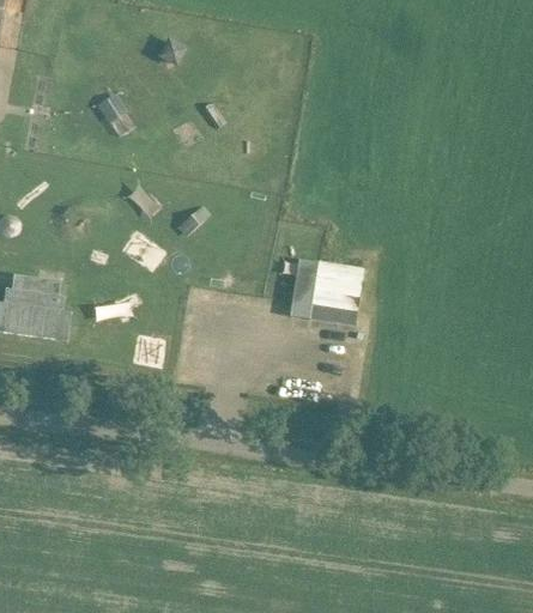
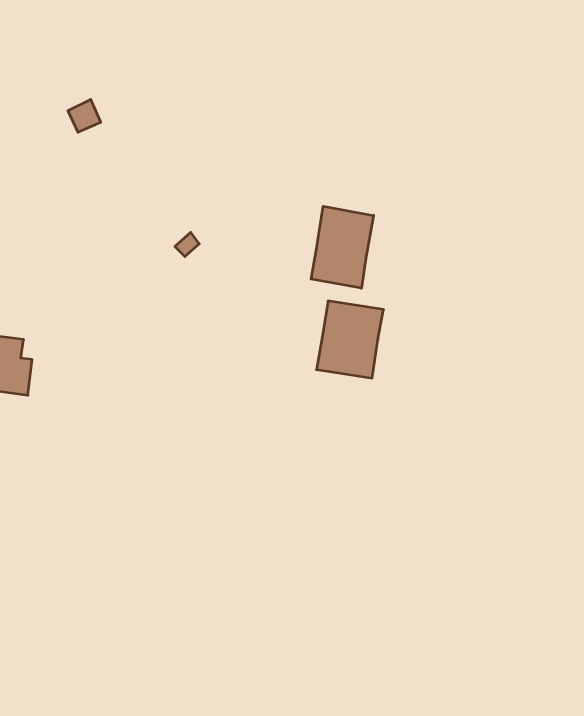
building: none -> [311,206,374,288]

